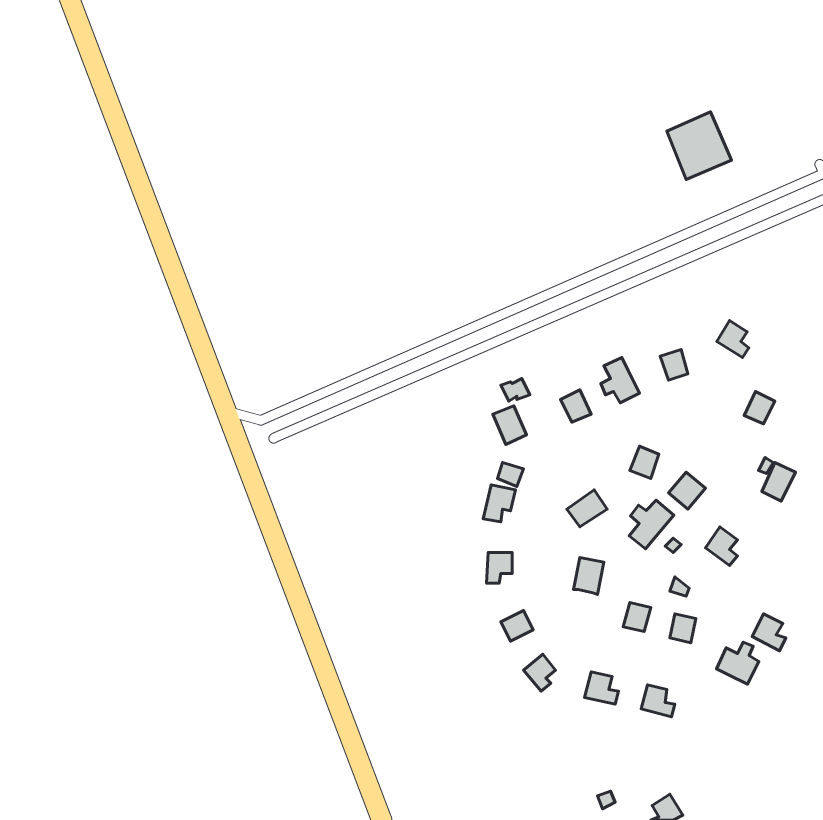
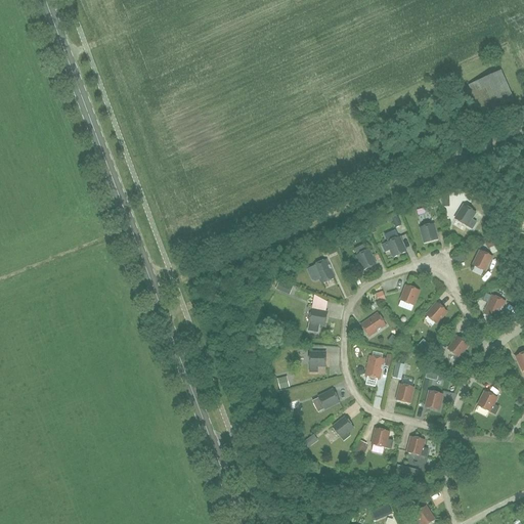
building: [667,112,731,180] -> [469,71,510,114]
building: [629,500,674,549] -> none
building: [716,642,759,684] -> none

